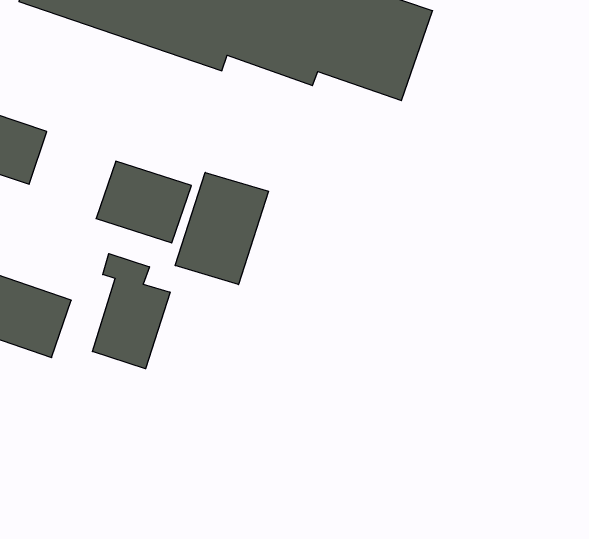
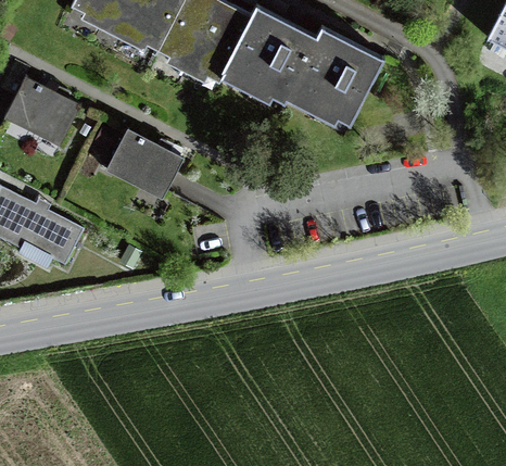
building: [175,172,268,285] -> none
building: [92,254,170,369] -> none

